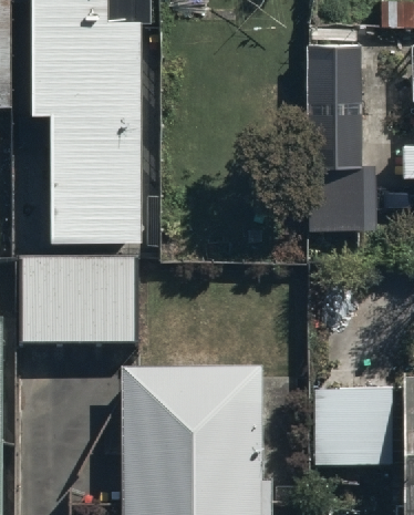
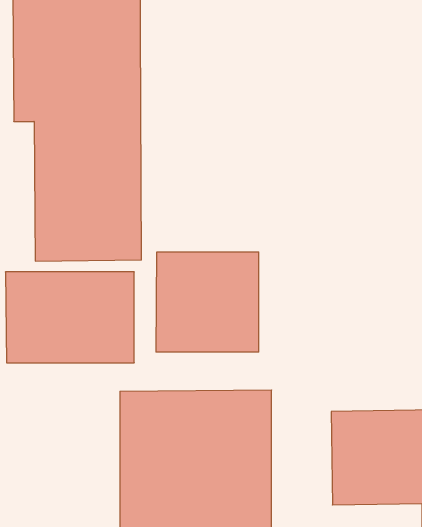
building: [309,41,376,227] -> none
building: none -> [156,252,259,352]

